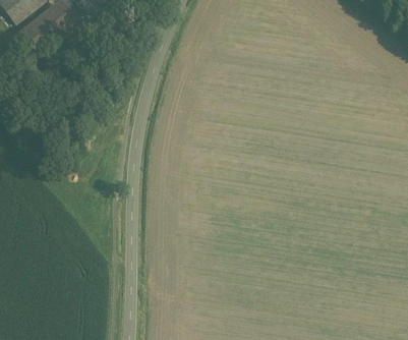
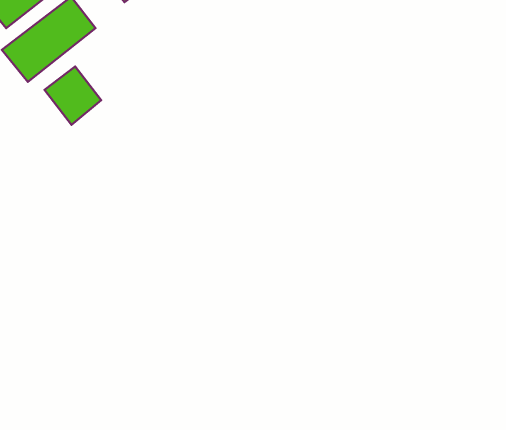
building: none -> [45,67,101,125]

